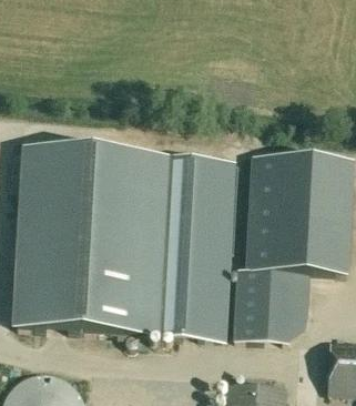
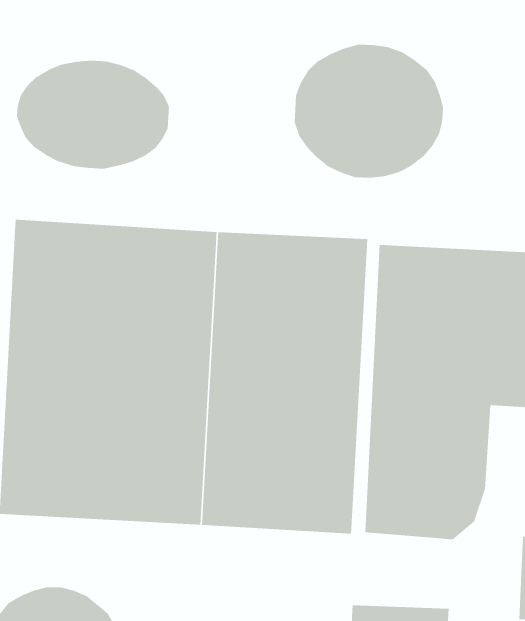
building: none -> [294,44,443,178]
building: none -> [17,60,169,169]

